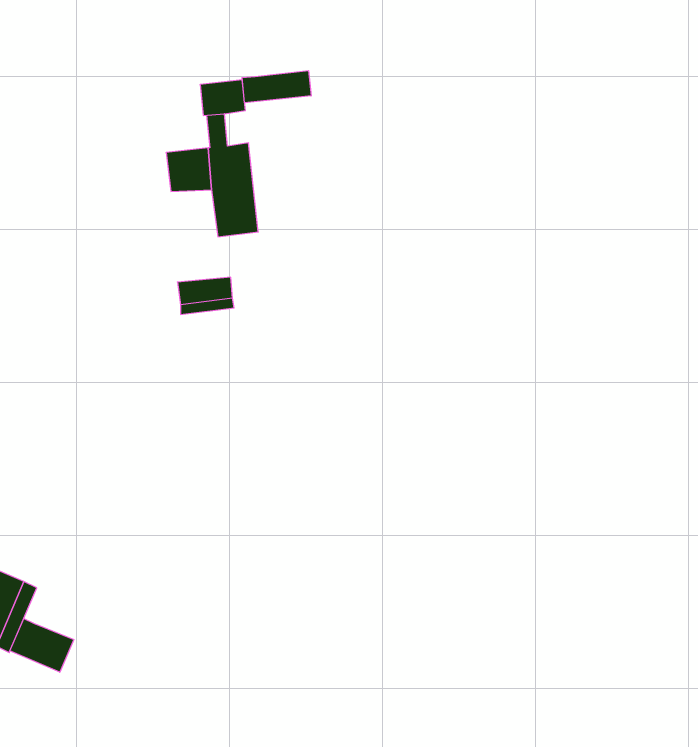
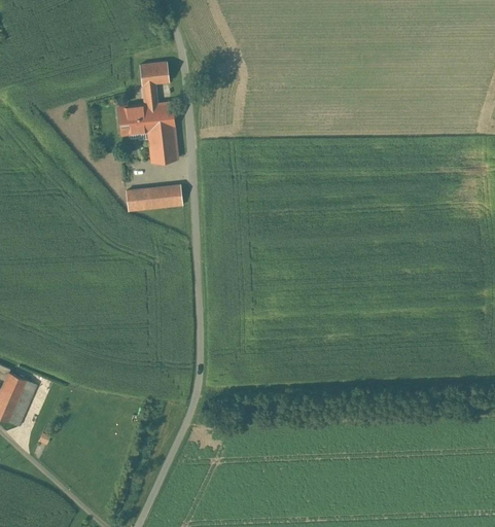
building: [242,71,311,103] -> none
building: none -> [160,186,182,208]
building: [10,618,74,672] -> none

